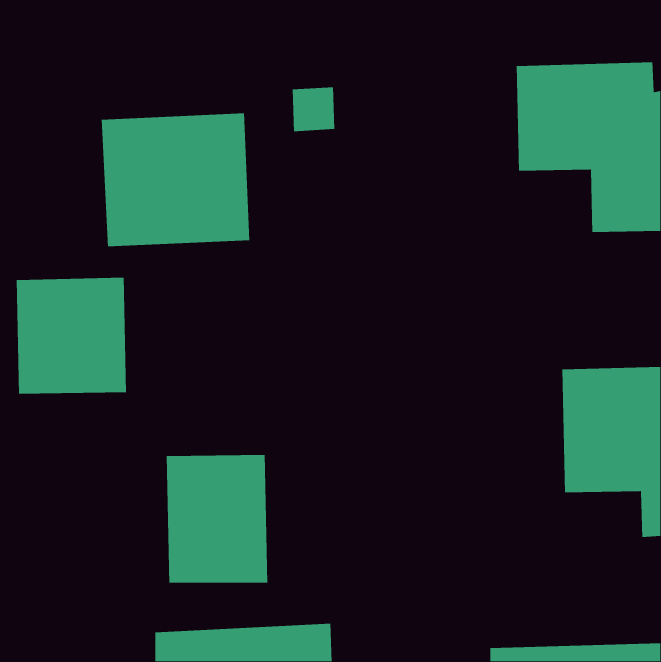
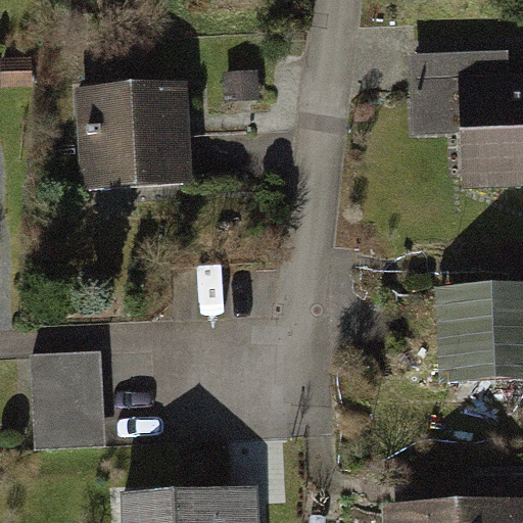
building: [16,277,127,394] -> none
building: [166,454,268,584] -> [33,349,112,450]

